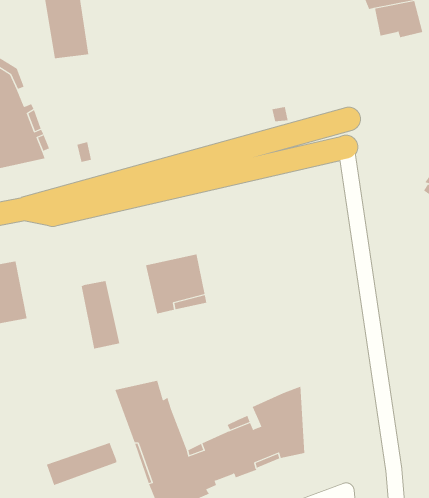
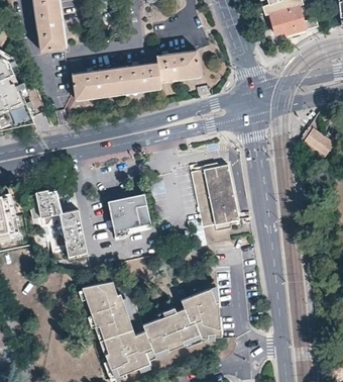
building: none -> [71,51,199,99]
building: none -> [192,165,239,247]
building: none -> [27,189,61,219]
building: [46,442,117,486] -> none

